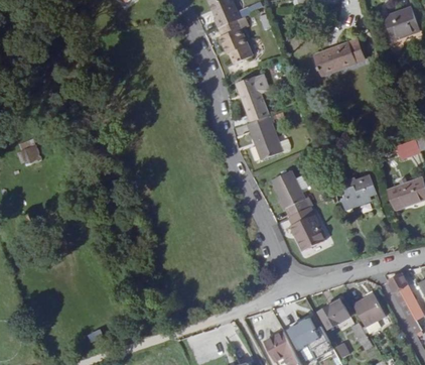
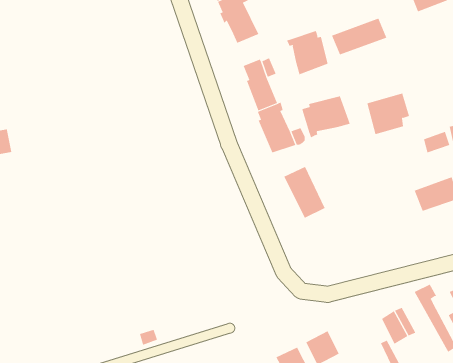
building: none -> [286,30,328,75]
building: none -> [301,95,351,138]
building: [338,172,376,209] -> [367,93,410,135]
building: [290,208,327,251] -> none
building: [325,300,356,327] -> none

